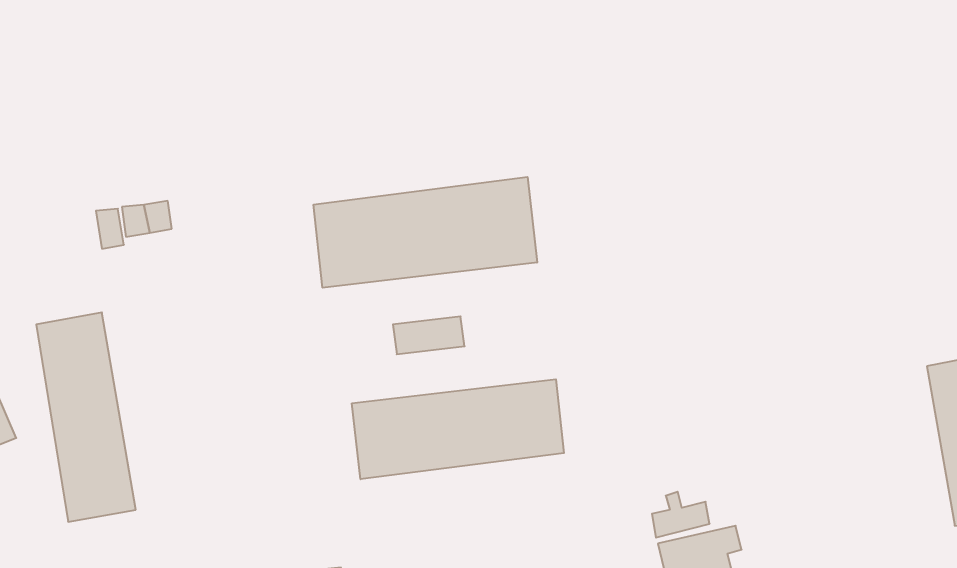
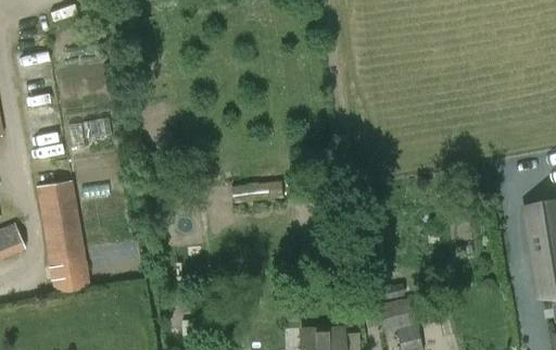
building: [314,177,537,288] -> none
building: [352,379,564,479] -> none

